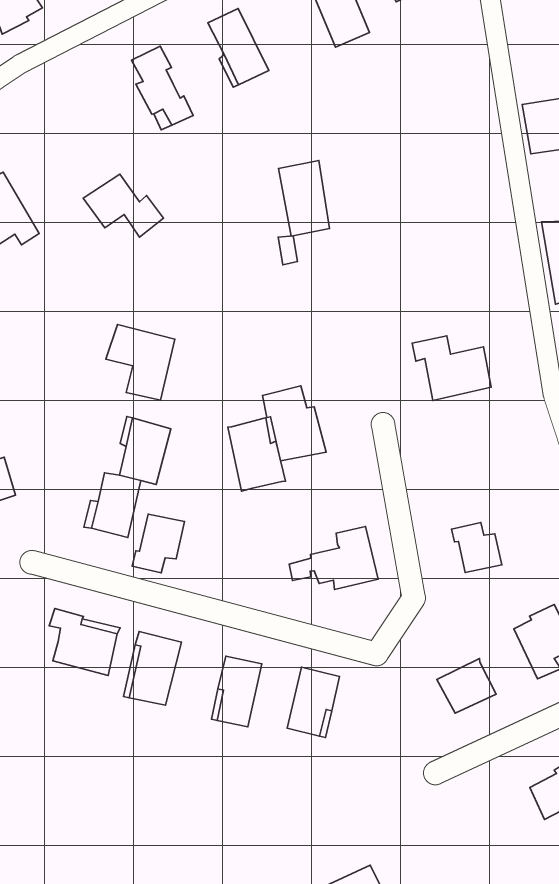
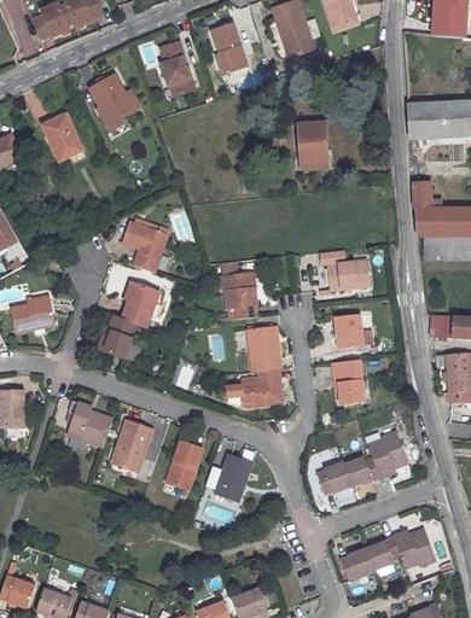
building: [279,161,329,236] -> [297,122,326,169]
building: [83,174,164,237] -> [88,75,139,117]
building: [228,418,285,491] -> [246,326,280,372]
building: none -> [333,314,362,349]
building: [132,514,185,573] -> none
building: none -> [343,456,379,485]
building: none -> [338,548,374,581]

